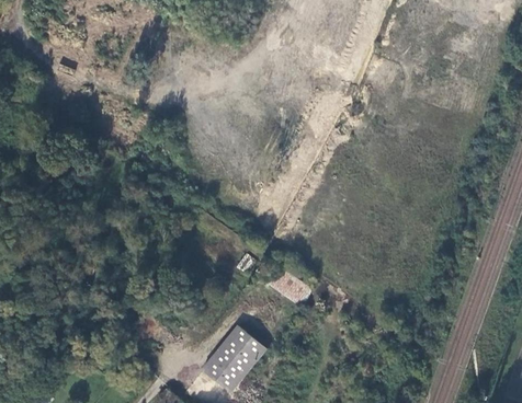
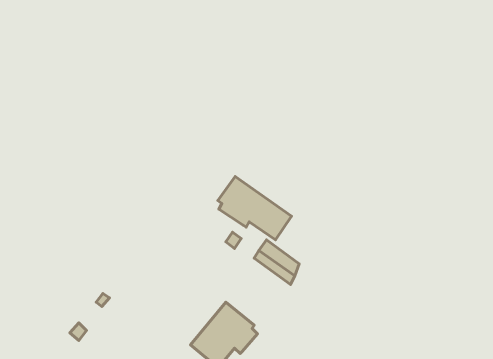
building: none -> [218,177,291,240]

